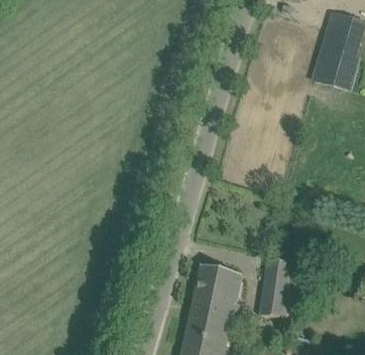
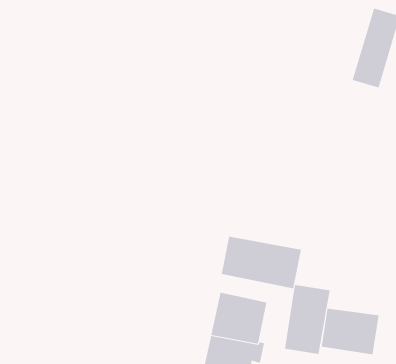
building: none -> [221,236,301,289]
building: none -> [321,308,379,355]

